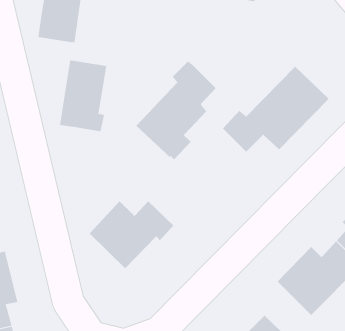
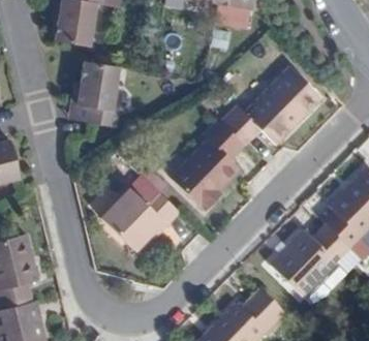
building: [135,61,216,160] -> [172,120,245,210]

